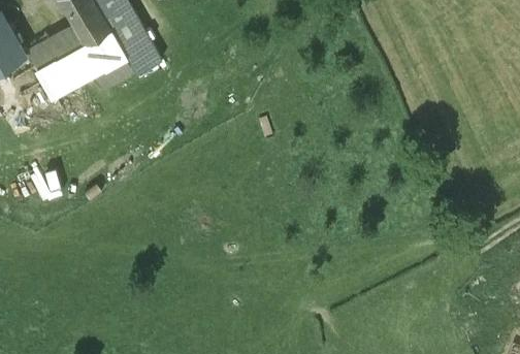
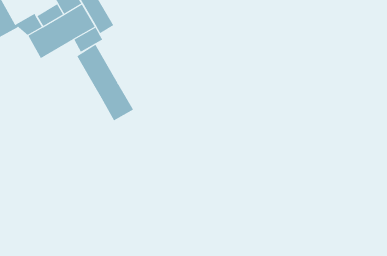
building: none -> [76,44,134,121]

